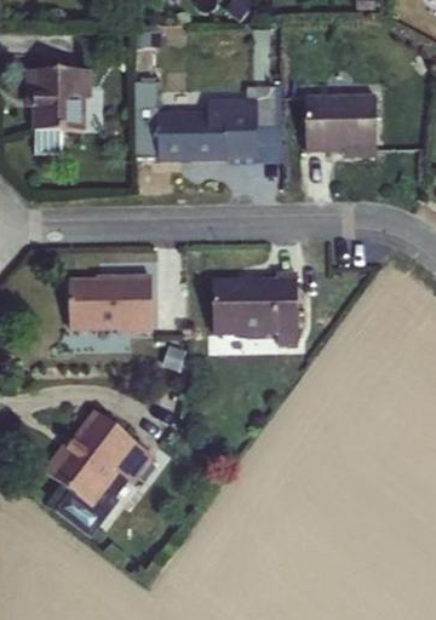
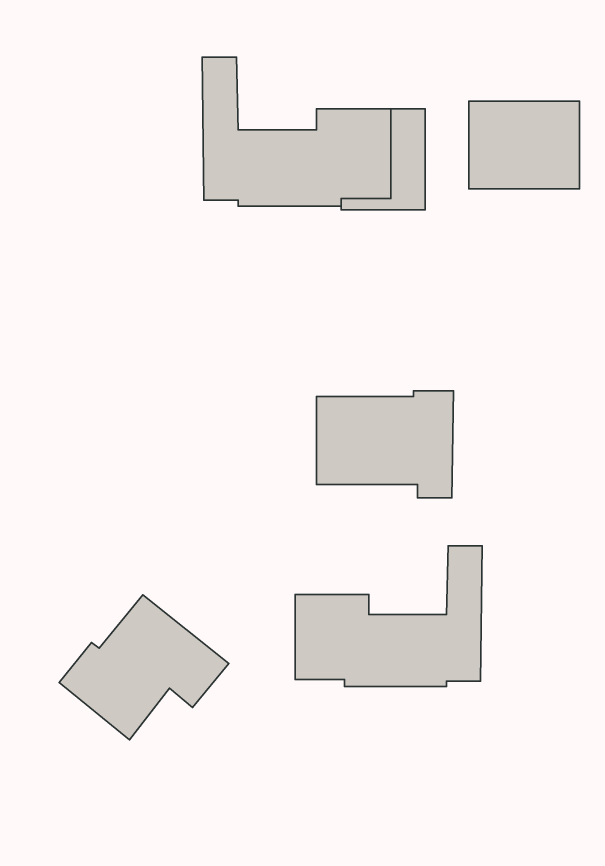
building: [30,71,93,153] -> none
building: [68,277,150,328] -> none
building: none -> [295,546,482,687]

